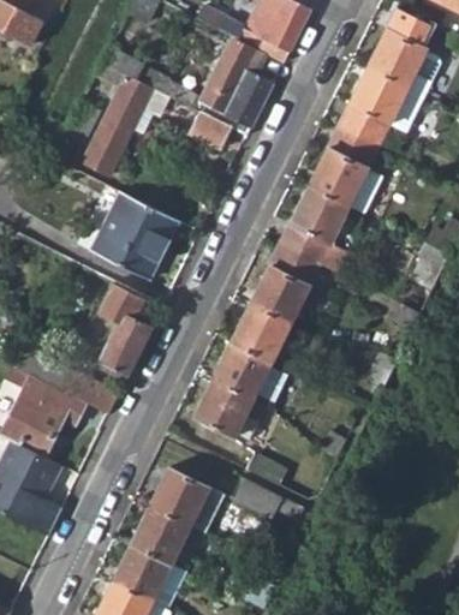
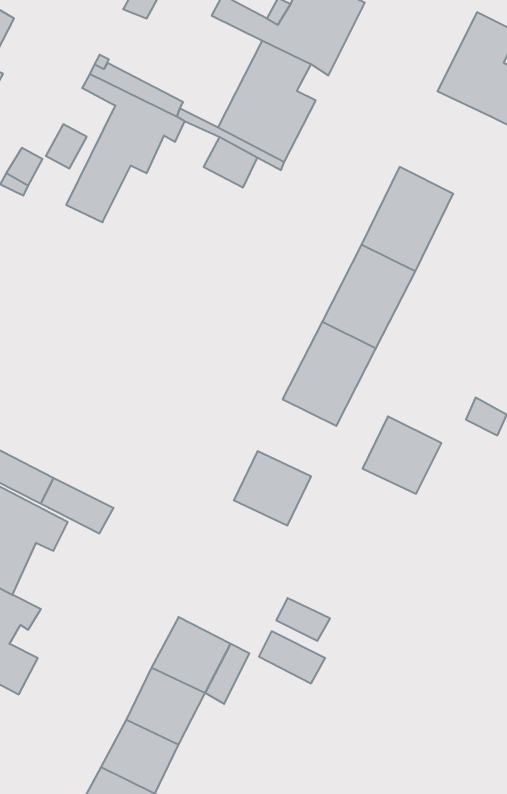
building: [338,73,407,151] -> none
building: [94,186,181,274] -> none
building: [97,276,153,372] -> none
building: [230,308,290,366] -> [363,416,441,494]
building: [195,384,252,440] -> none

